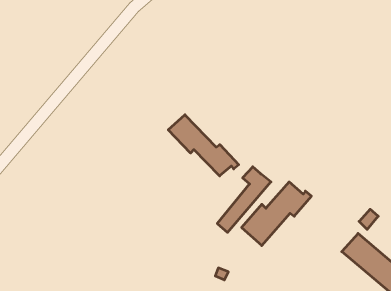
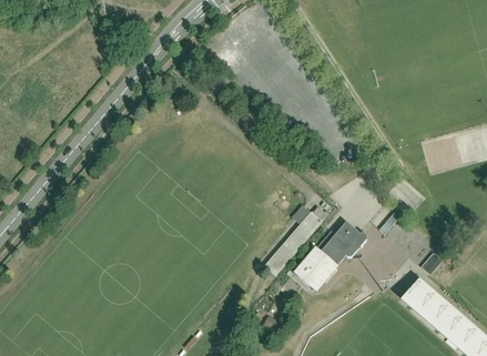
building: [168,115,239,176] -> none

